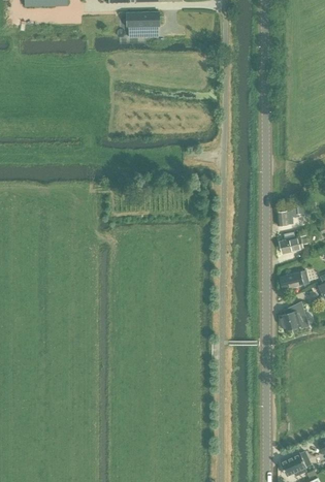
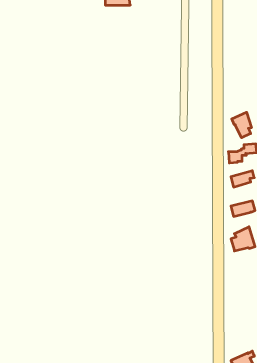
building: none -> [232,112,251,138]

